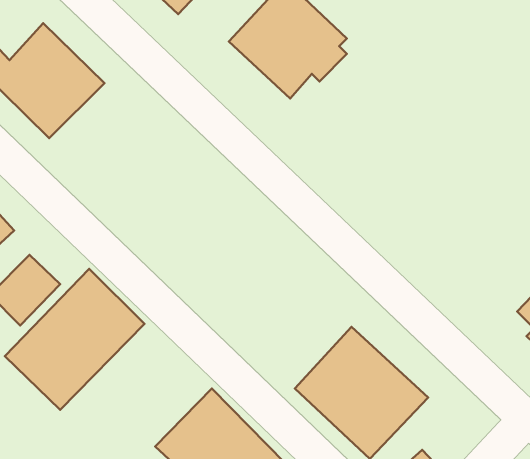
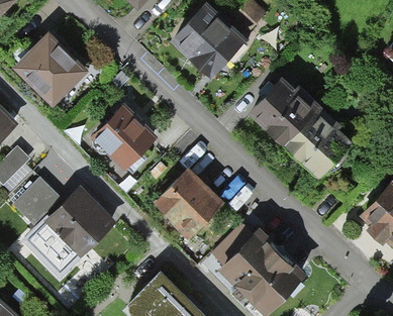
building: none -> [249,77,354,177]
building: none -> [90,104,158,172]
building: none -> [152,169,221,238]

